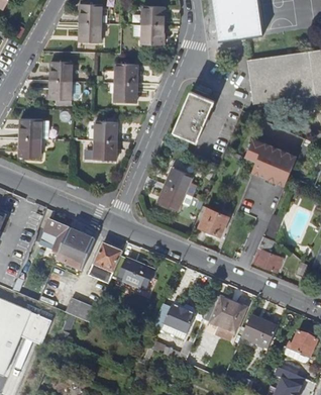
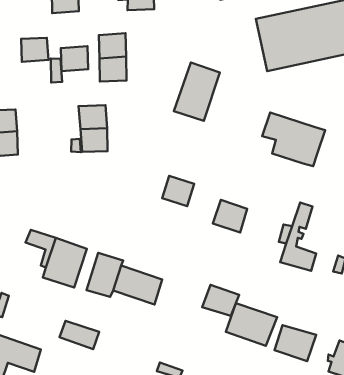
building: [48,80,72,99] -> [61,46,88,71]
building: [165,167,197,195] -> none
building: [162,305,193,332] -> [202,285,239,316]

